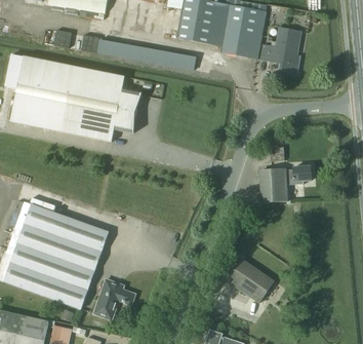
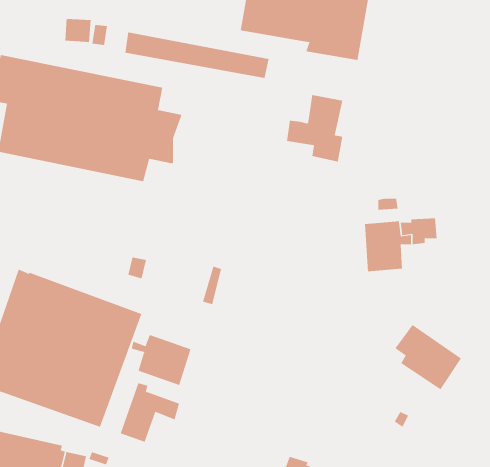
building: [261,27,300,73] -> [286,95,343,162]
building: none -> [131,334,191,386]
building: [228,257,274,302] -> [394,324,462,390]

